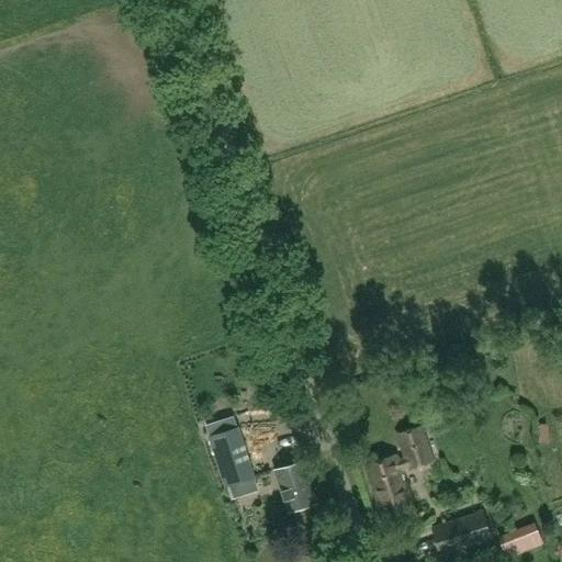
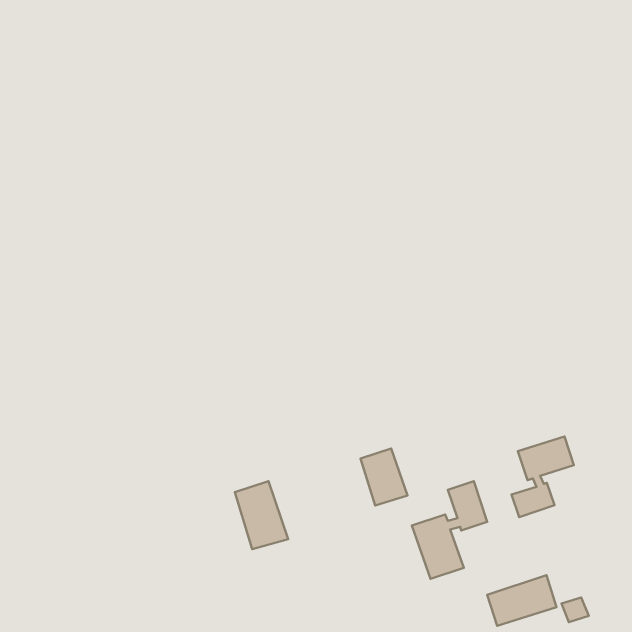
building: none -> [512,436,574,517]
building: [277,462,318,513] -> [360,449,407,505]

